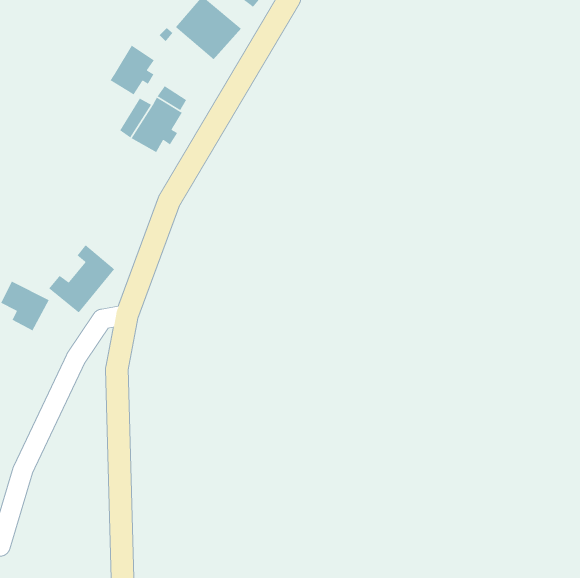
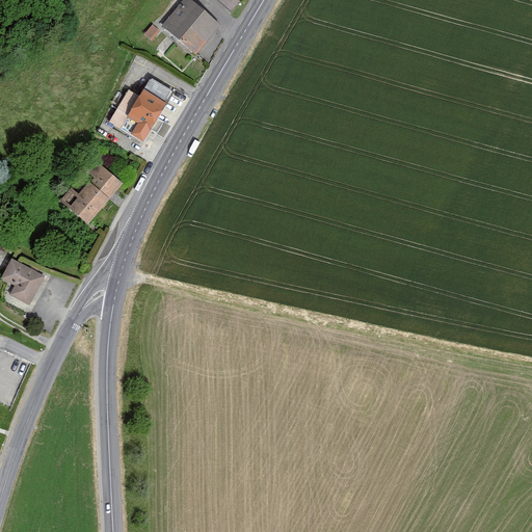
building: [110,45,155,96] -> none
building: [48,244,115,313] -> [60,159,122,222]

